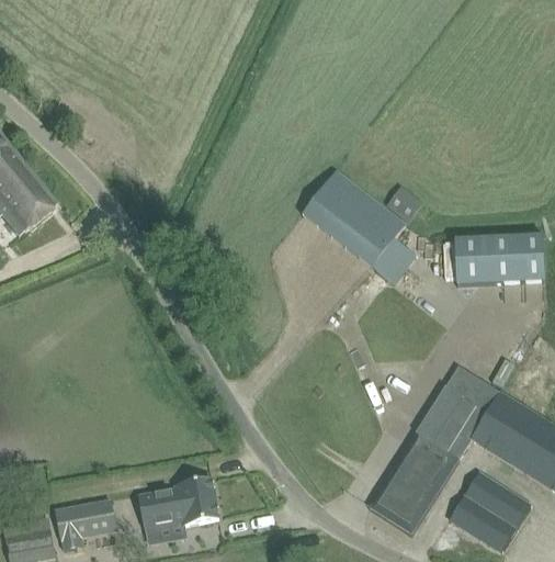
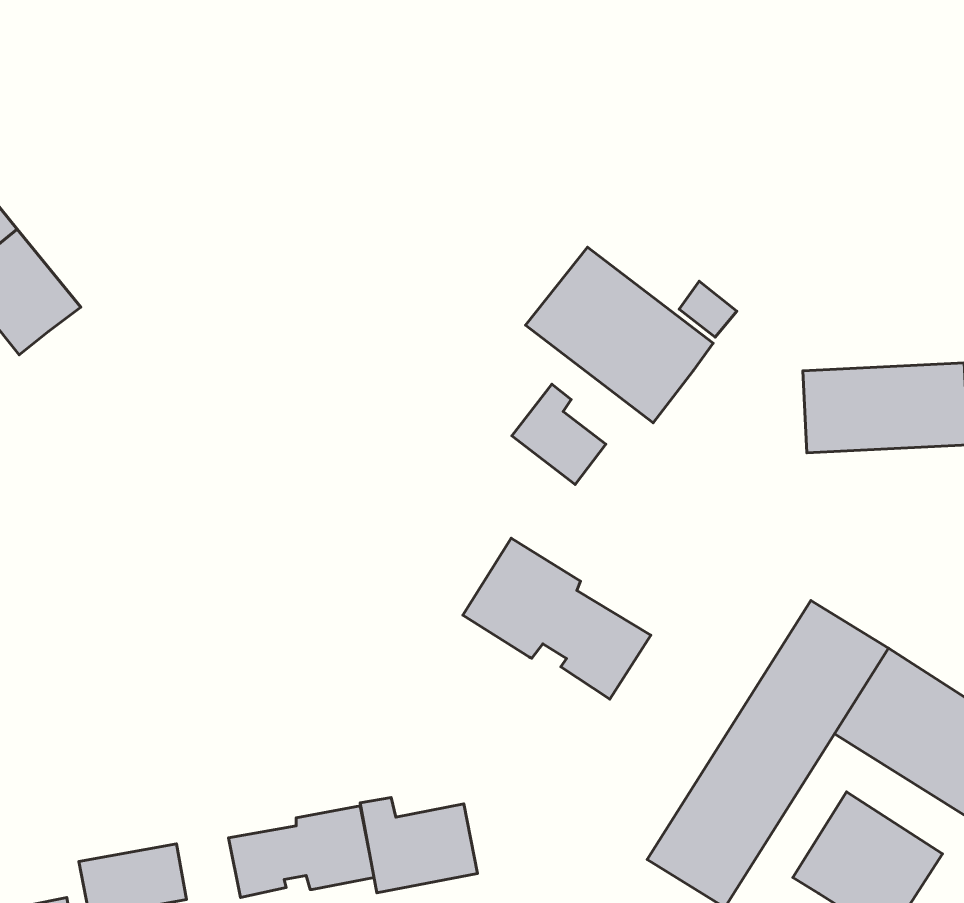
building: [372,239,415,284] -> none
building: none -> [512,384,606,485]
building: none -> [463,538,651,699]
building: none -> [360,798,477,893]

